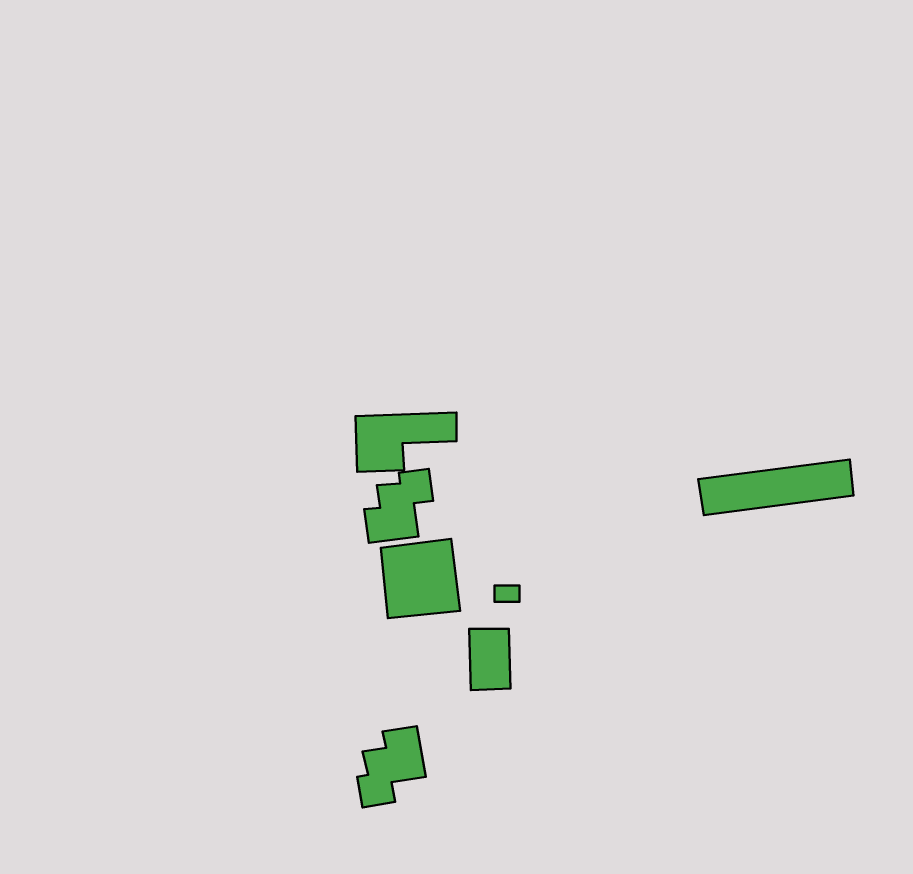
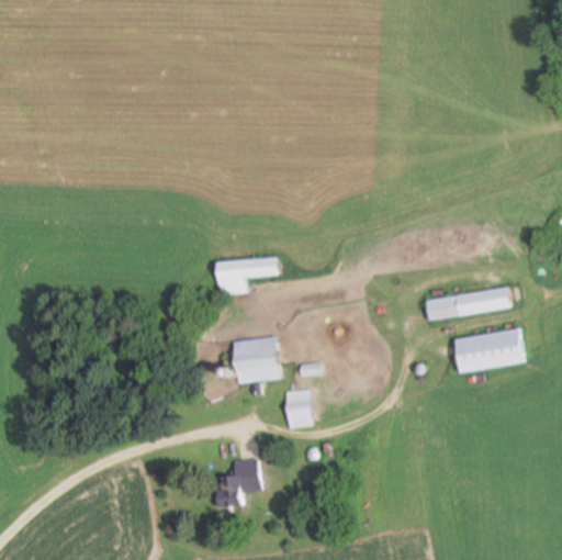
building: [364,469,433,543] -> none
building: none -> [454,329,524,372]

